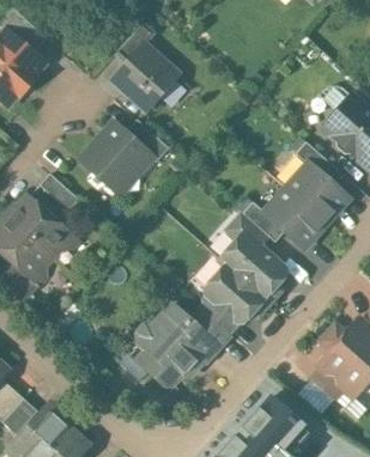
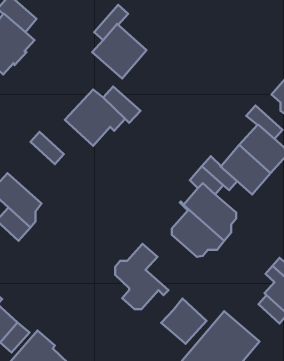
building: [11,197,79,258] -> none
building: [175,309,229,362] -> [161,299,207,344]

